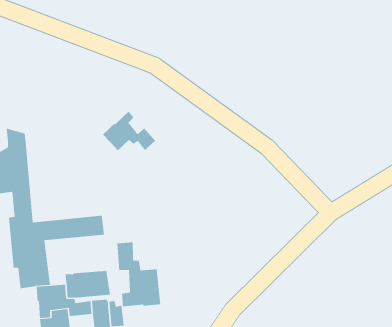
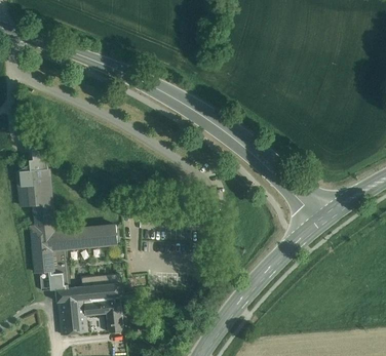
building: [102,111,156,151] -> none
building: [117,241,161,307] -> none

